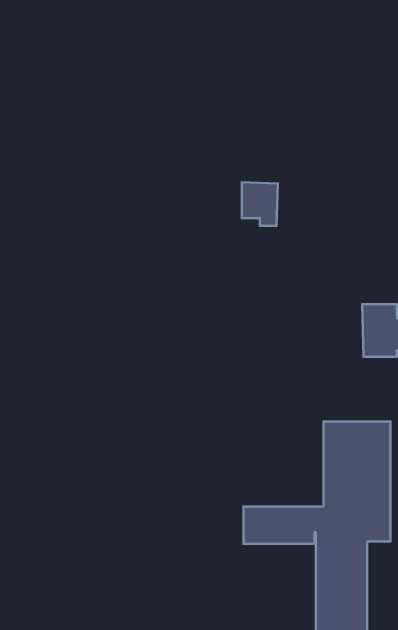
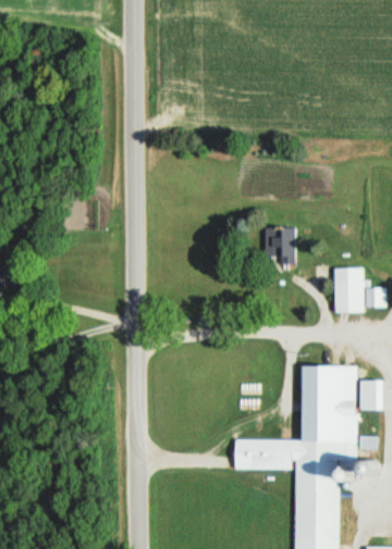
building: [242,182,278,226] -> [266,226,296,263]

